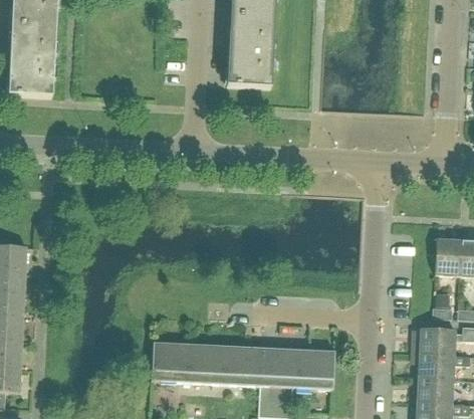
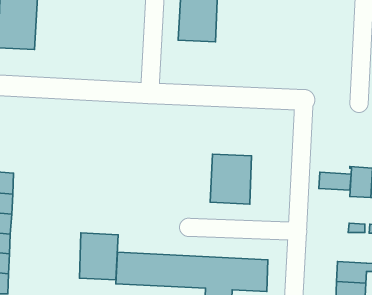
building: none -> [210,154,251,204]
building: none -> [319,172,351,190]
building: none -> [79,233,118,280]
building: [413,328,456,355] -> none

